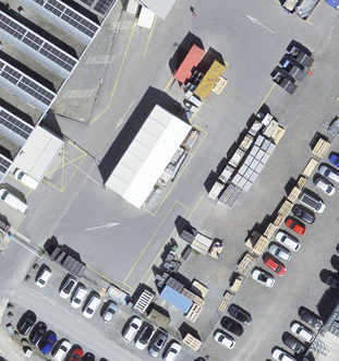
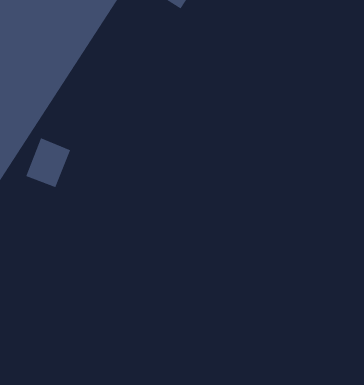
building: [109,104,197,209] -> none

